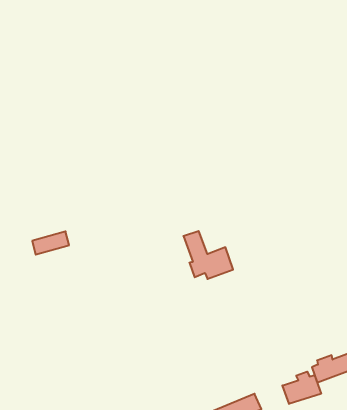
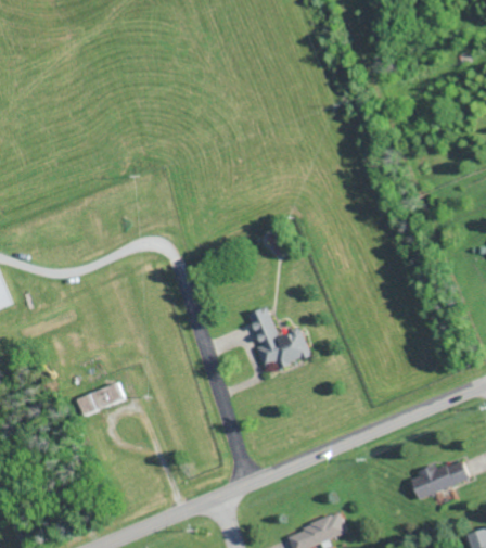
building: [32,231,69,255] -> [78,384,125,413]
building: [282,372,321,404] -> none

